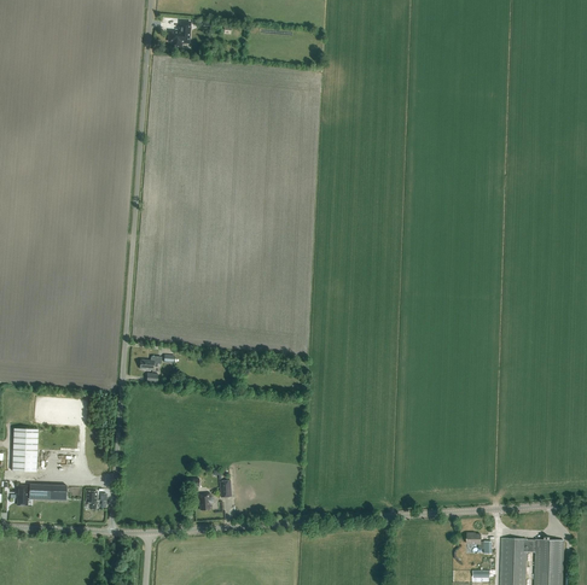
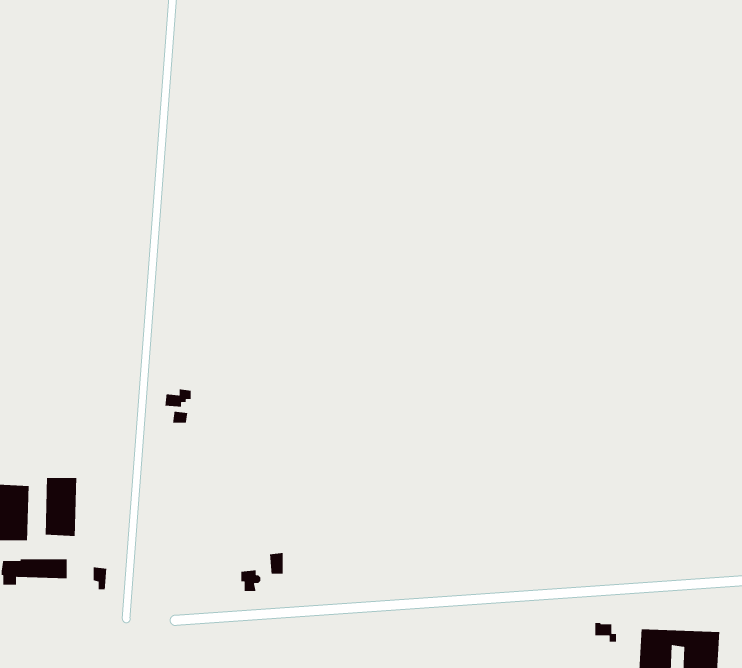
building: none -> [45,477,77,537]

